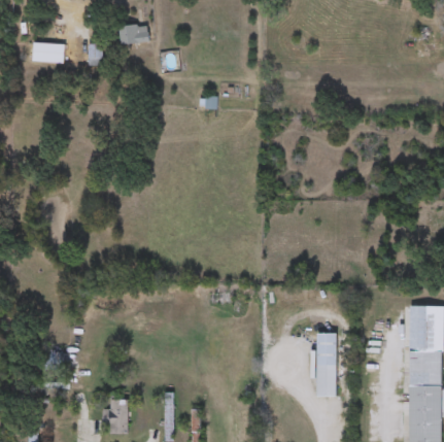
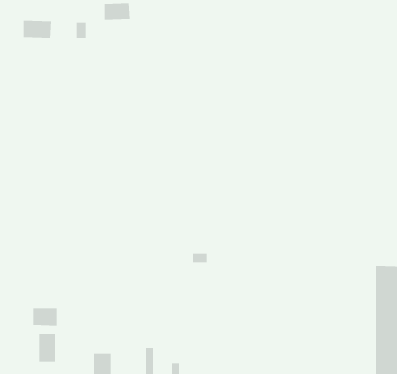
building: [315,333,335,397] -> none
building: none -> [39,333,55,362]

